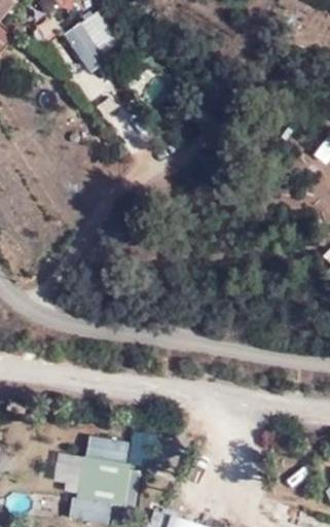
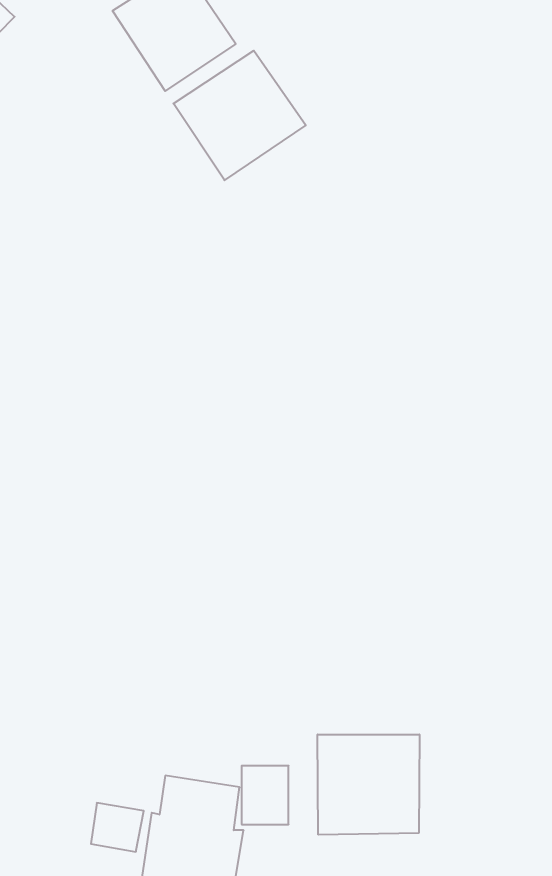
building: none -> [173,51,306,180]
building: none -> [318,734,419,835]

